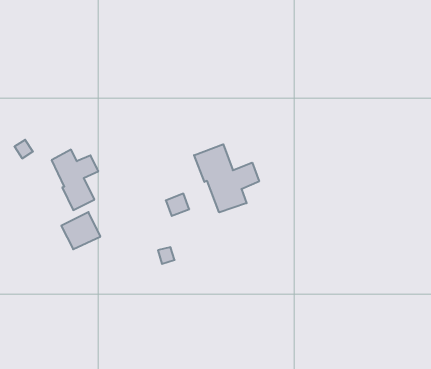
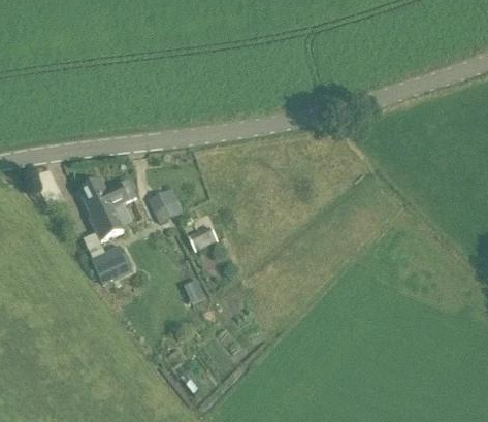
building: [194,144,259,212] -> none
building: none -> [148,186,183,222]

